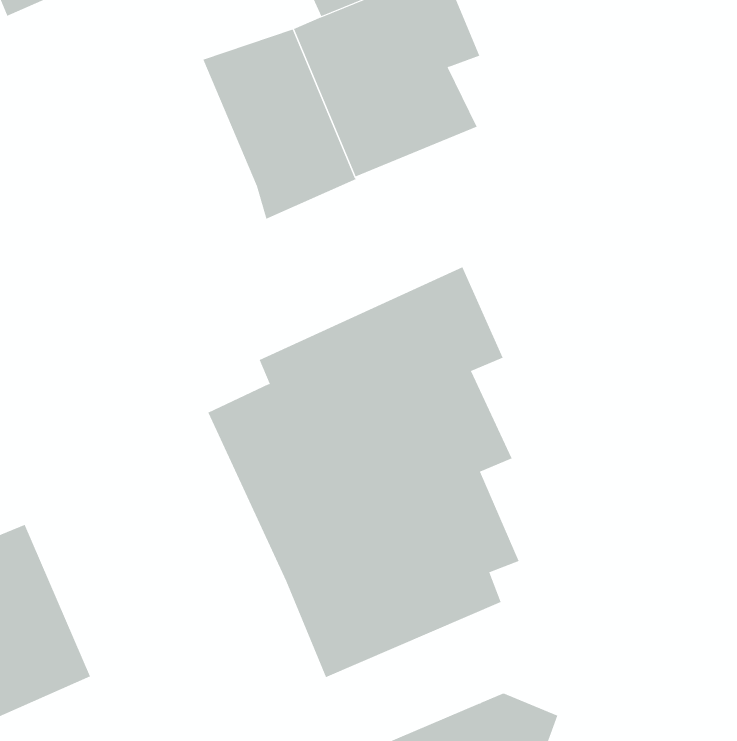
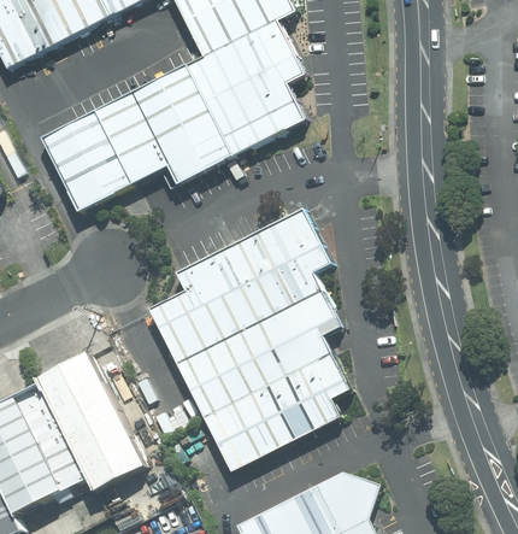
building: none -> [40,88,169,215]
building: none -> [37,353,143,491]

